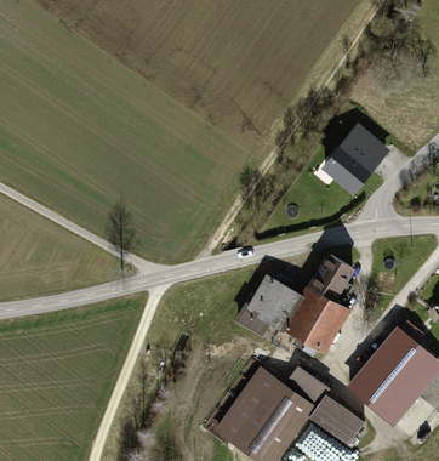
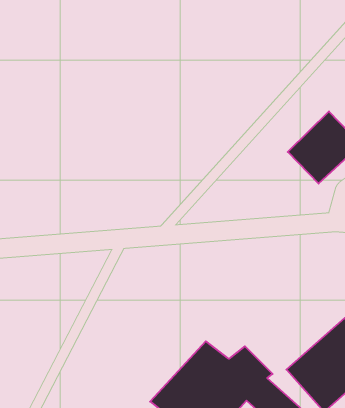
building: [235,255,358,354] -> none

